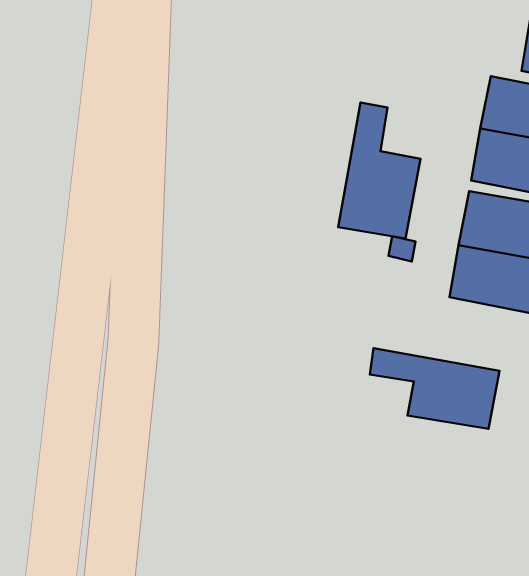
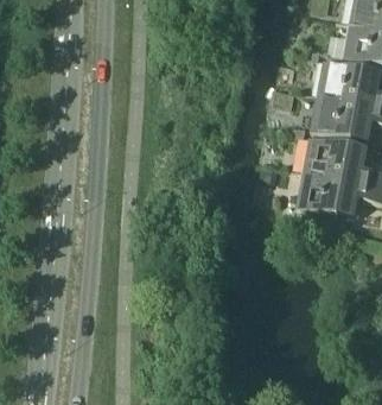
building: [338,102,421,238] -> none
building: [370,348,499,429] -> none

